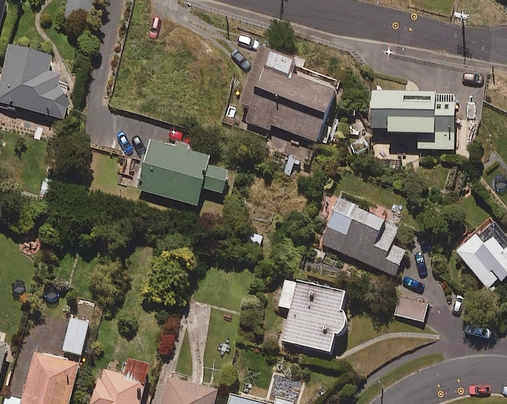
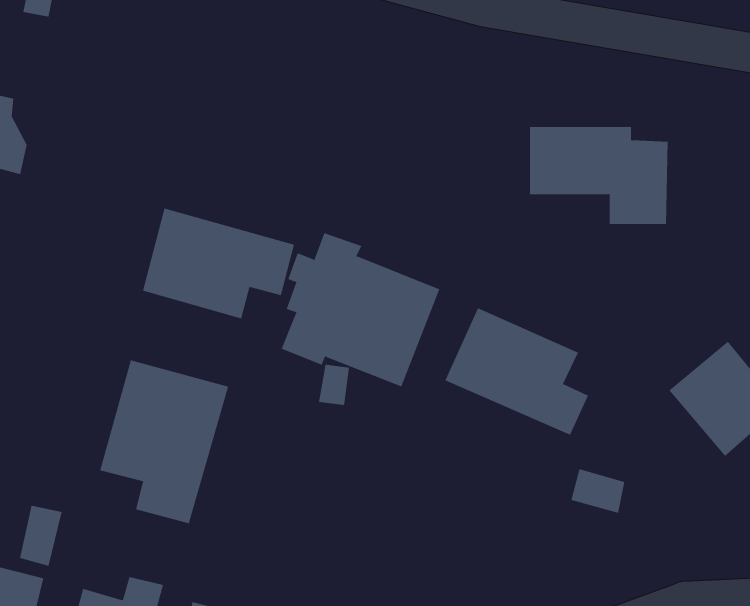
building: [243,49,339,142] -> [281,233,440,387]
building: none -> [100,360,229,524]
building: [278,277,344,351] -> none

